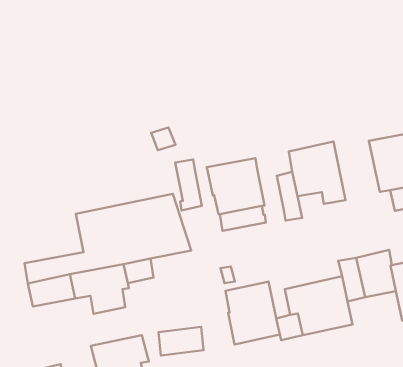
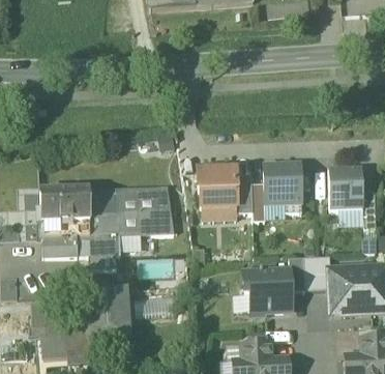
building: [175,160,202,210] -> [236,174,253,212]
building: none -> [37,188,90,221]
building: [226,282,280,344] -> none

